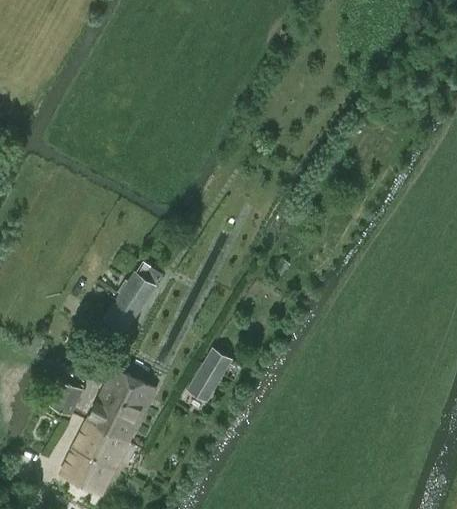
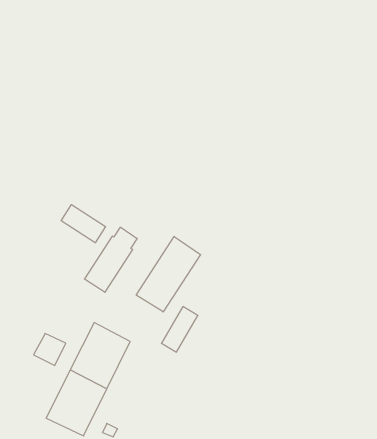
building: none -> [61,205,106,243]
building: none -> [136,236,201,312]

